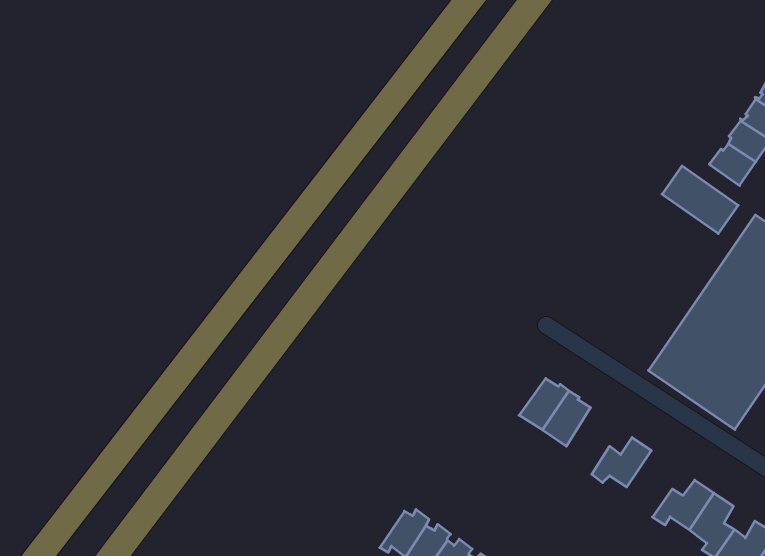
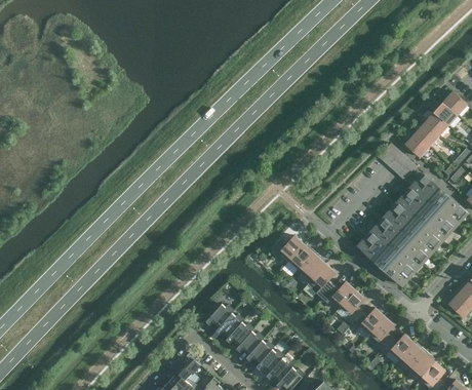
building: none -> [269,235,304,262]
building: none -> [306,263,335,298]
building: none -> [339,289,364,324]

